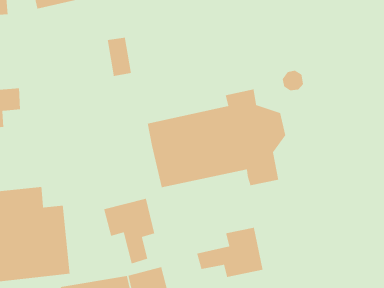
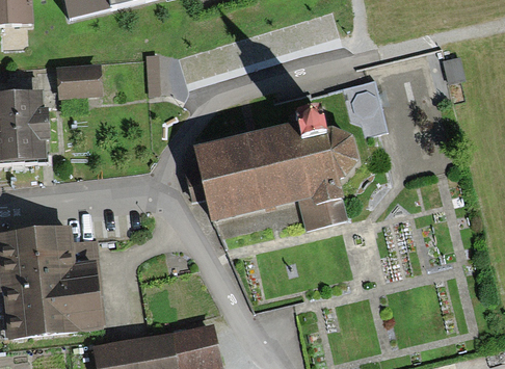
building: none -> [57,64,99,95]
building: [103,198,155,265] -> none
building: [196,227,264,278] -> none

